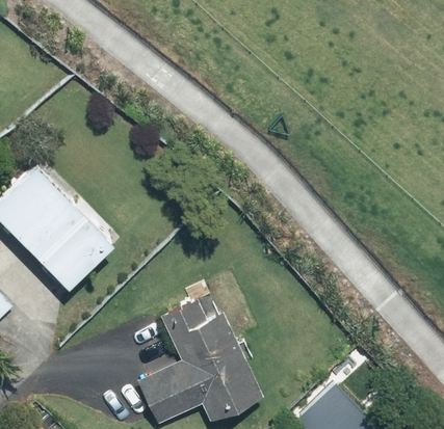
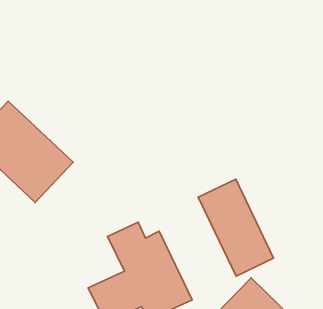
building: none -> [198,179,274,276]

